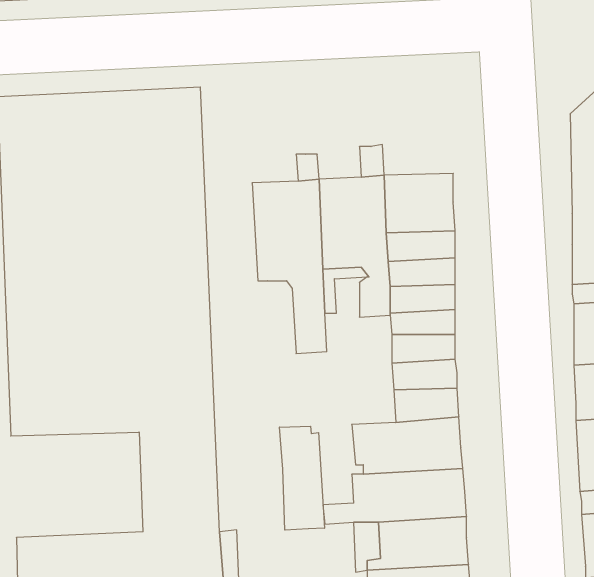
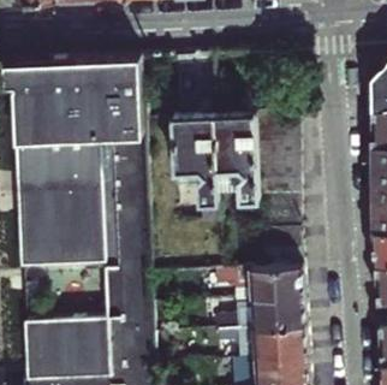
building: [280,426,324,530] -> none

